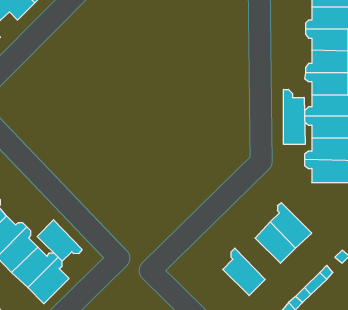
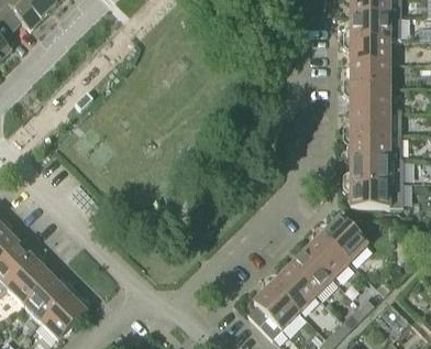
building: [284,89,305,144] -> none
building: none -> [318,216,368,262]
building: [37,220,82,261] -> none
building: none -> [267,268,317,313]

